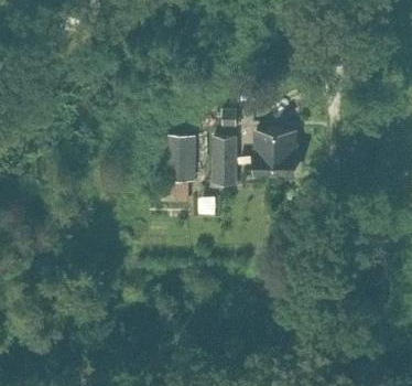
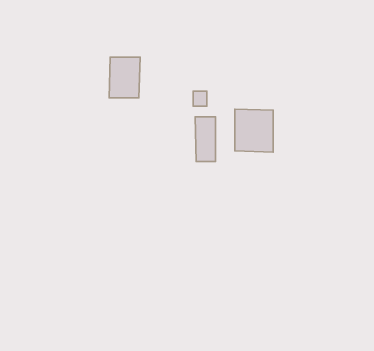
building: [163,138,195,180] -> [109,57,140,98]

